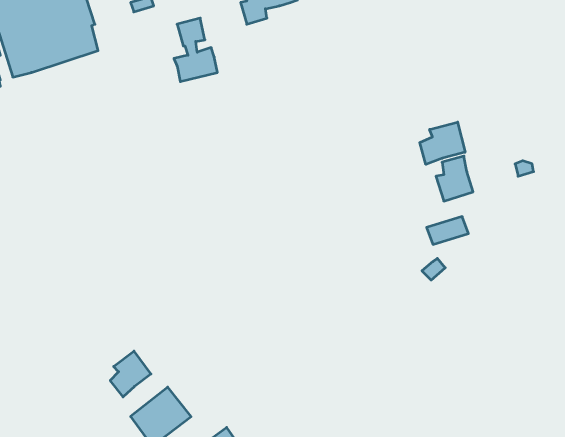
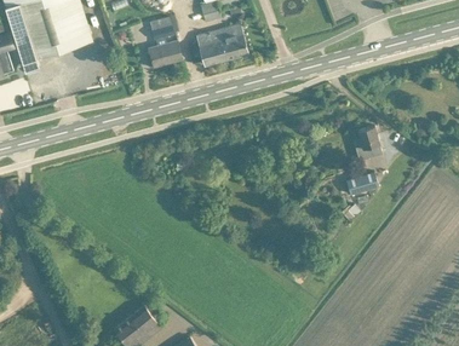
building: none -> [196,23,247,63]
building: [420,122,465,164] -> none
building: [110,351,151,397] -> none

